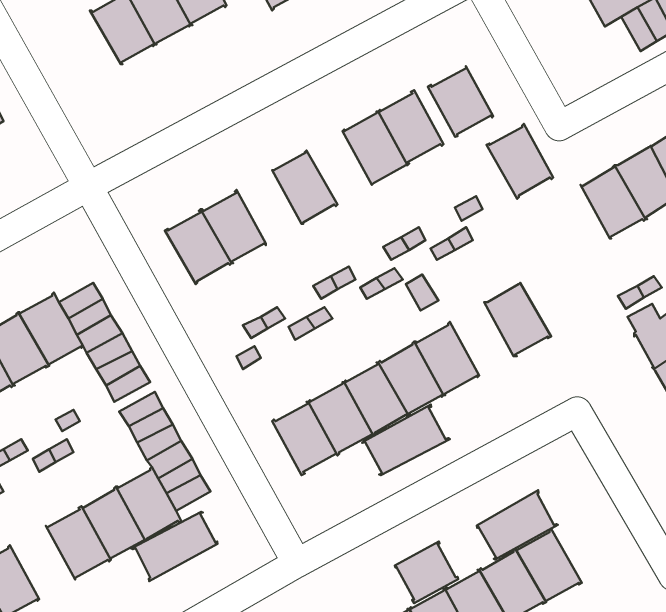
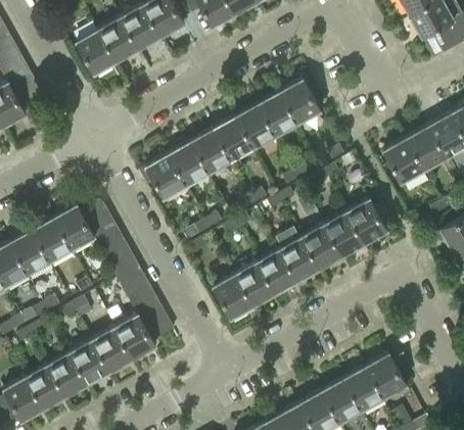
building: none -> [76,28,118,75]
building: [428,66,493,137] -> none
building: [486,124,553,199] -> [382,137,424,184]
building: none -> [234,103,275,149]
building: none -> [190,128,231,174]
building: none -> [324,210,364,256]
building: [362,405,450,475] -> none
building: [477,490,558,559] -> none
building: [131,512,217,581] -> none
building: none -> [48,350,89,396]
building: [395,541,458,603] -> none

